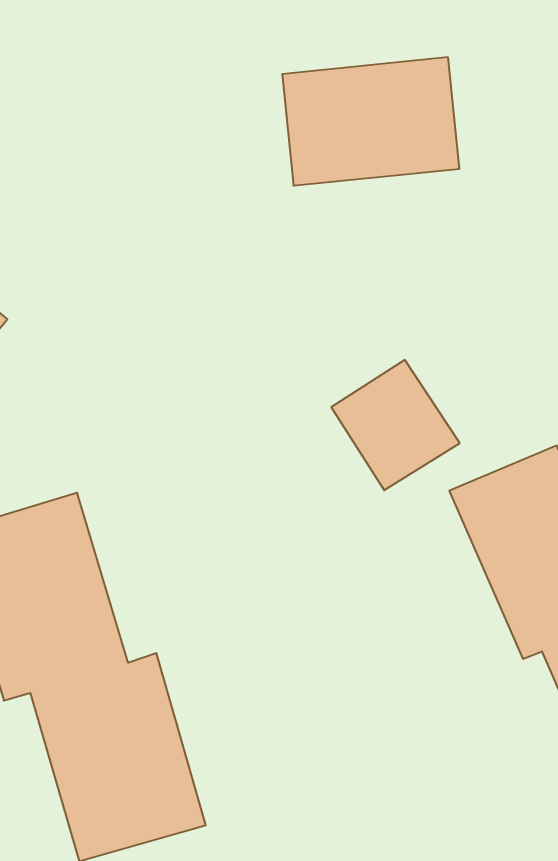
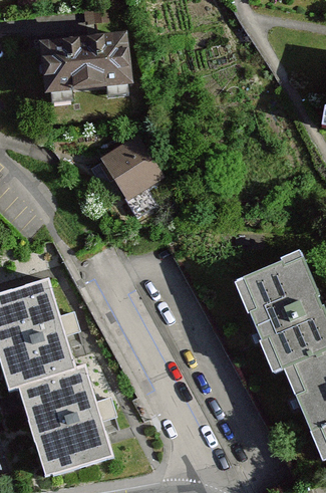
building: [282,57,459,186] -> [43,33,137,101]
building: [331,360,460,490] -> [103,135,172,204]

